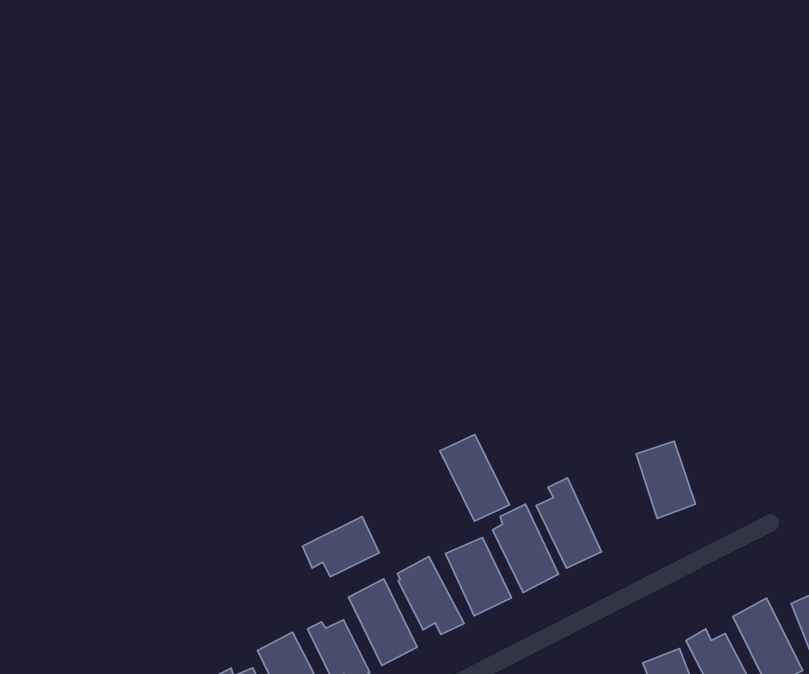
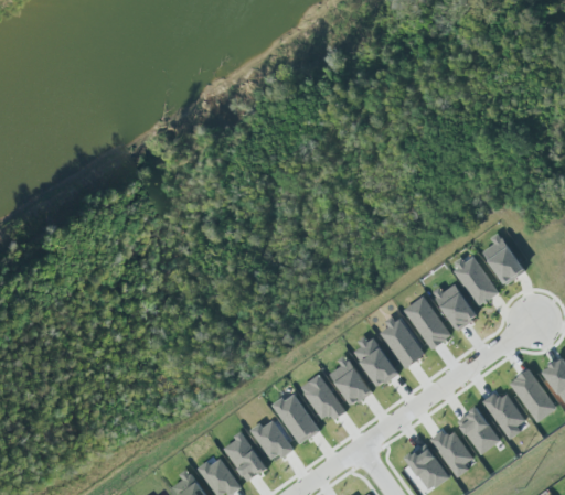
building: none -> [479,235,525,283]
building: none -> [449,256,498,306]
building: [440,434,509,521] -> [403,295,450,348]
building: [302,516,379,577] -> none

